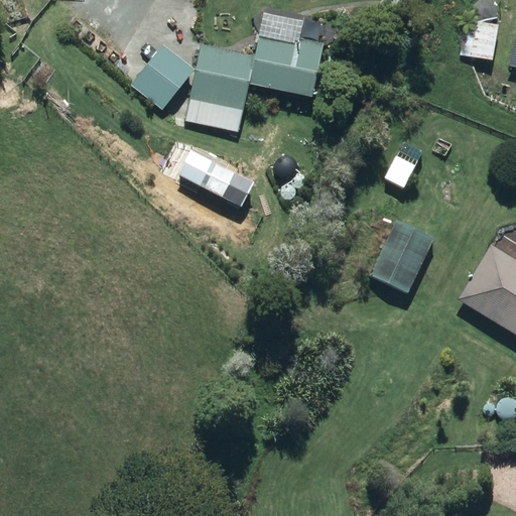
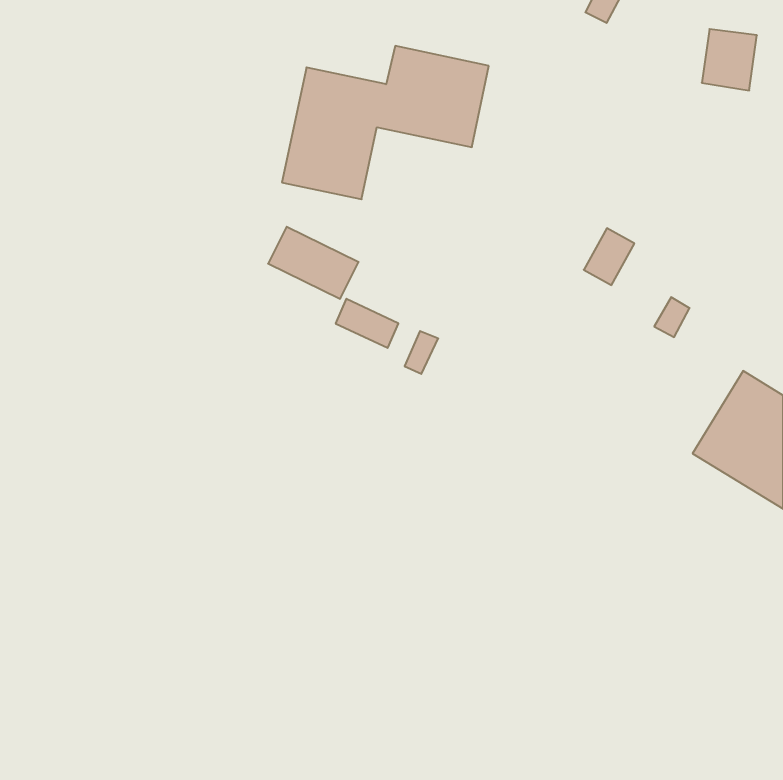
building: [133,46,192,107] -> none
building: [370,220,433,291] -> none

